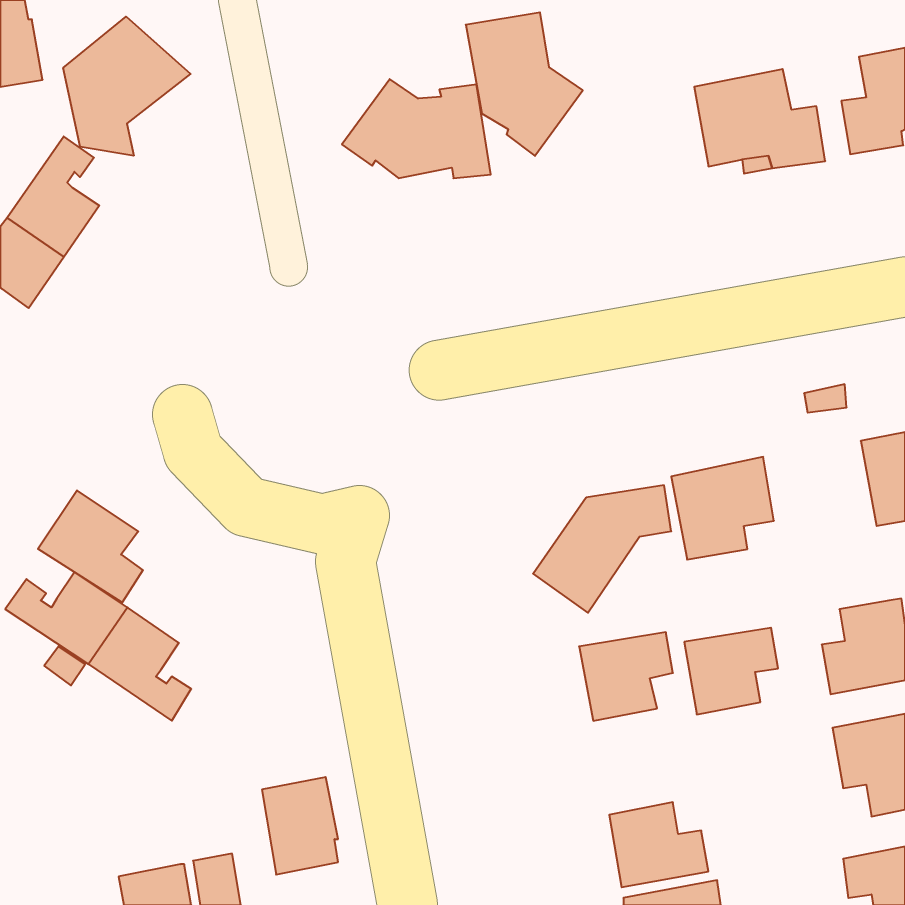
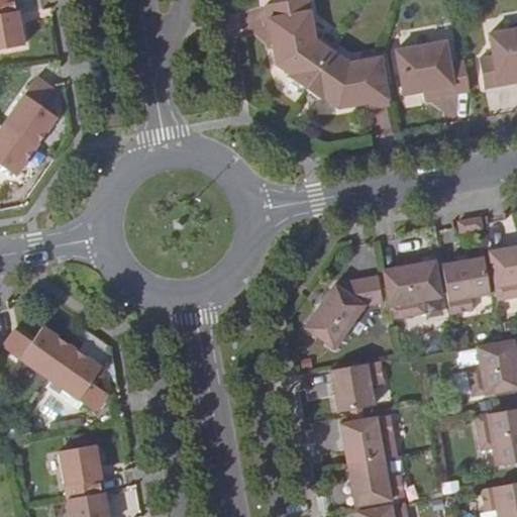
building: [63,17,191,156] -> none
building: [342,79,491,178] -> [305,51,390,108]
building: none -> [443,257,492,314]
building: [38,490,143,603] -> none
building: [684,628,778,714] -> [340,415,394,464]
building: [262,777,338,875] -> [60,444,103,500]

